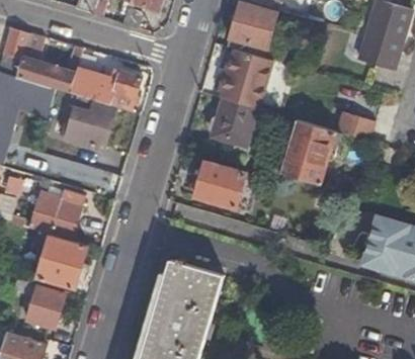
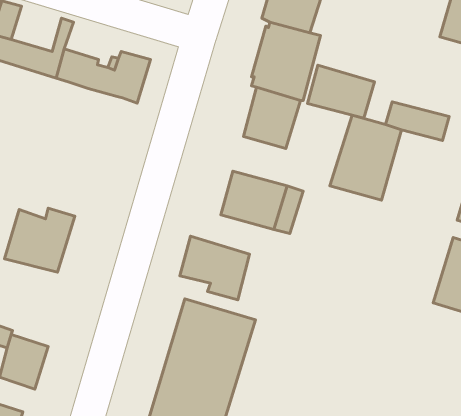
building: none -> [308,65,374,118]
building: [67,94,116,148] -> none
building: none -> [180,236,249,300]
building: [37,235,87,288] -> none

